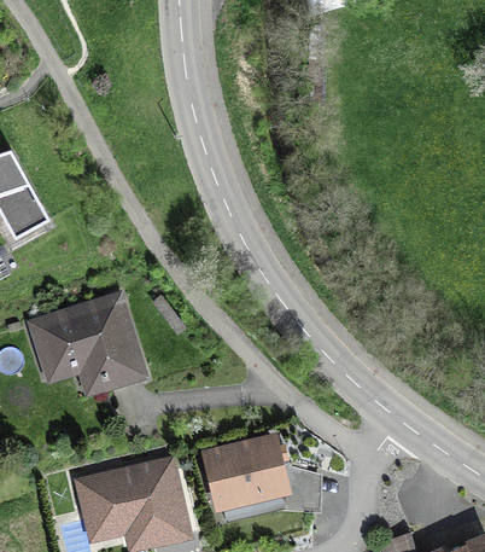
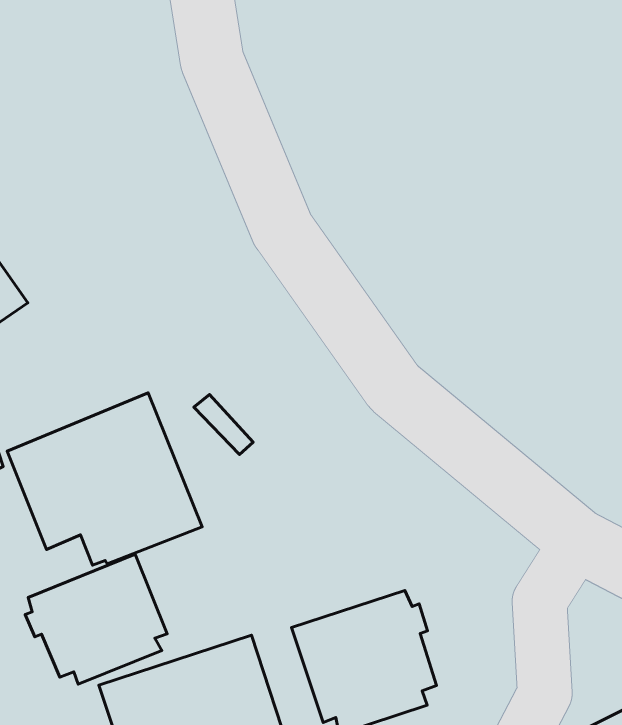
building: none -> [25,554,167,684]

